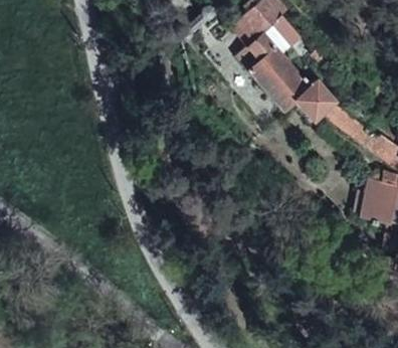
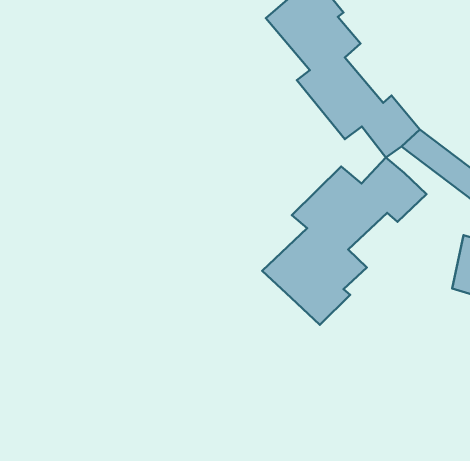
building: none -> [262,158,427,325]

